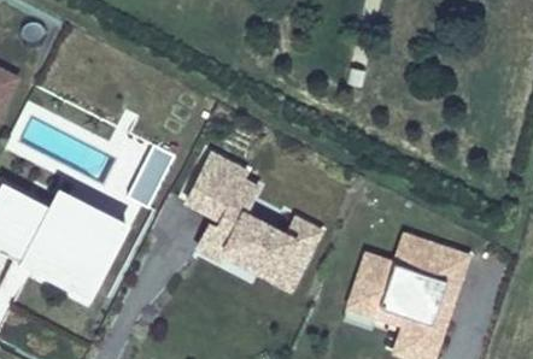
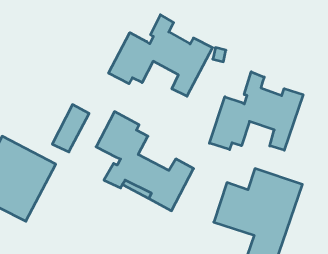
building: none -> [109,15,213,96]
building: none -> [209,72,303,150]

